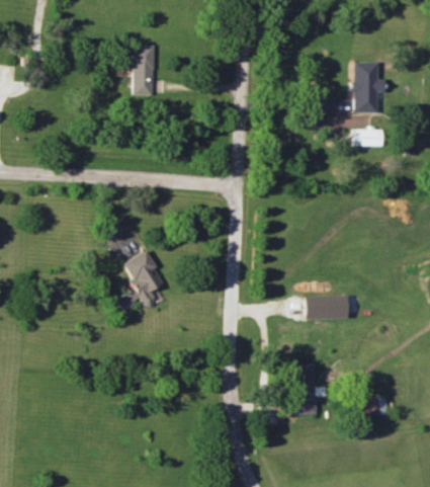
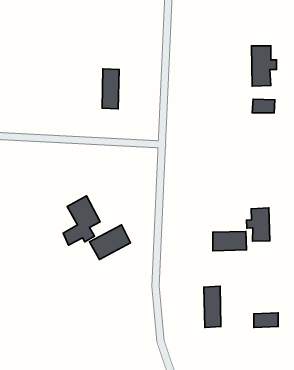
building: [134,45,155,95] -> [102,69,119,109]
building: none -> [246,208,270,241]
building: none -> [90,225,131,259]

